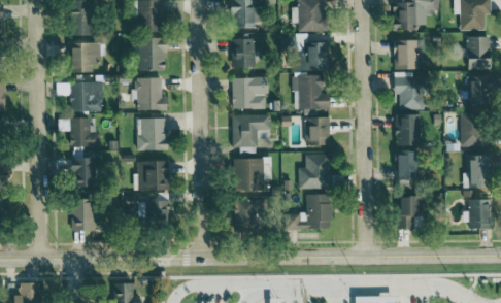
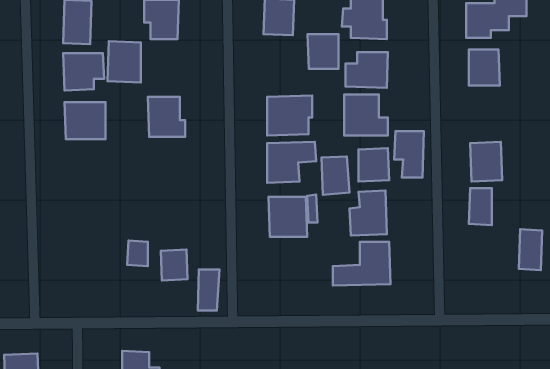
building: [137,38,164,71] -> [108,41,141,82]
building: [230,39,255,67] -> [308,34,338,69]
building: [393,72,416,109] -> [394,131,424,177]
building: [137,117,166,150] -> none
building: [70,119,101,147] -> none
building: none -> [321,156,350,195]
building: [73,158,93,183] -> none
building: [138,161,165,191] -> none
building: [396,197,414,230] -> [519,229,542,270]
building: [234,200,252,233] -> [198,270,219,311]
building: [75,202,99,231] -> none

